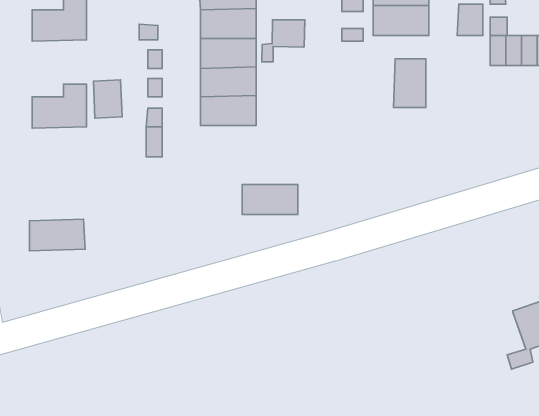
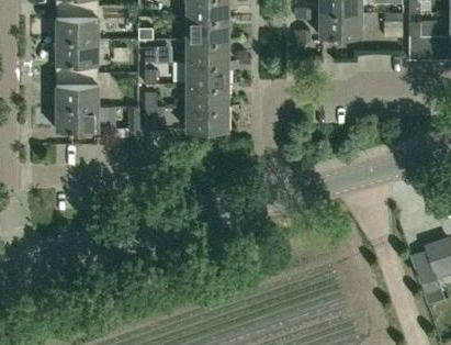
building: [262,20,305,62] -> none
building: none -> [56,40,98,74]
building: [394,59,426,107] -> none
building: [242,185,298,214] -> [185,105,228,129]
building: [29,219,85,251] -> [56,107,99,131]

